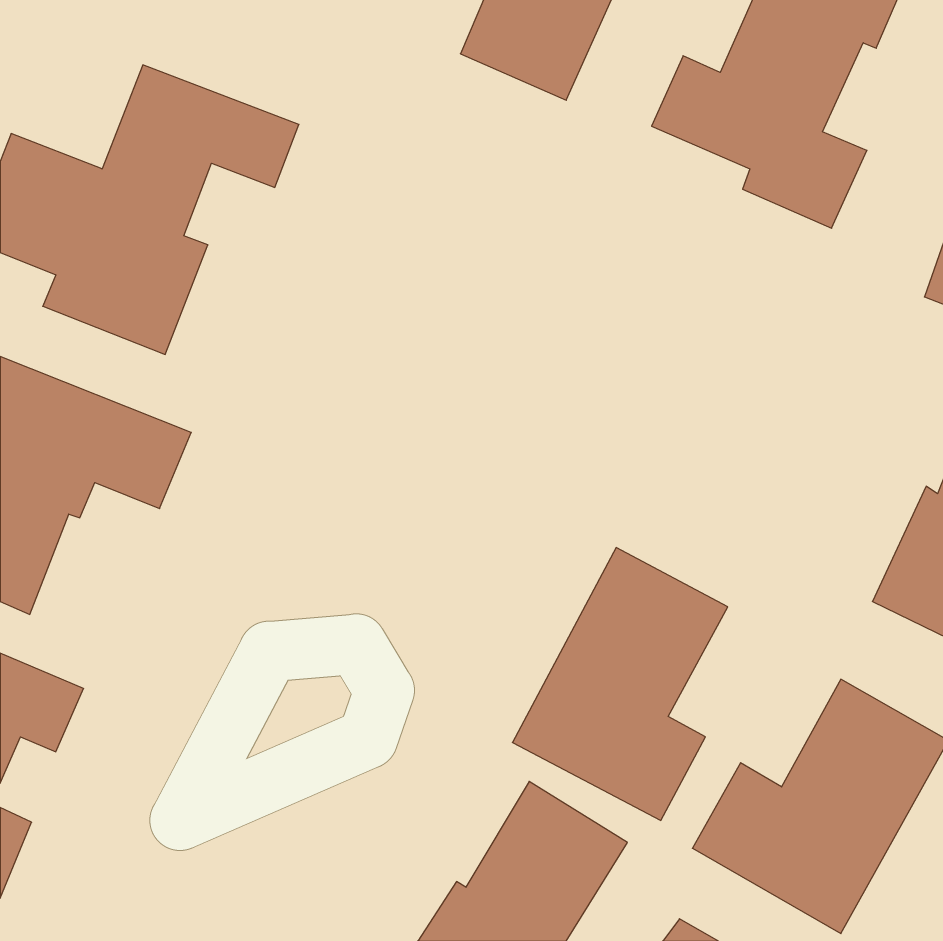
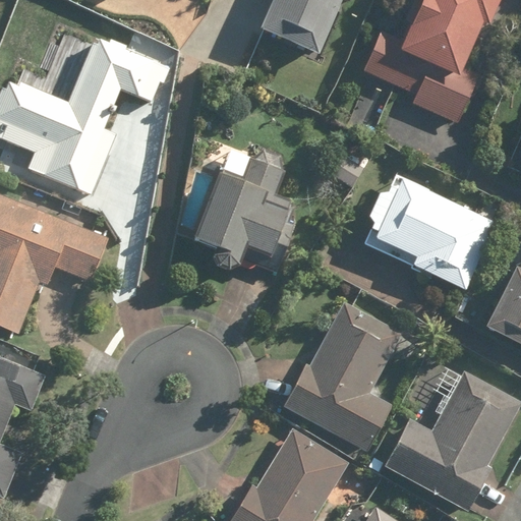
building: none -> [189,147,294,271]
building: none -> [368,180,494,293]

